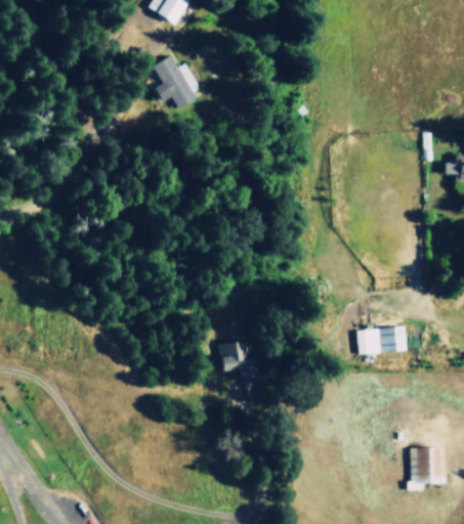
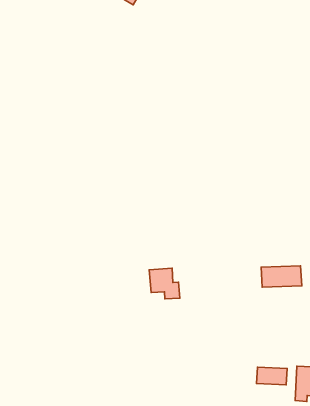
building: [154,55,199,108] -> none
building: none -> [256,367,287,385]

